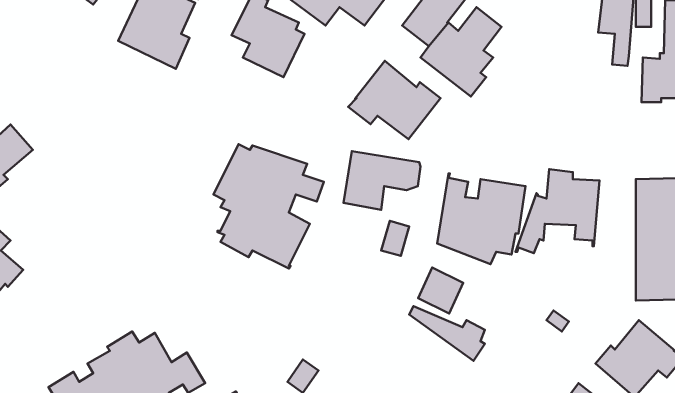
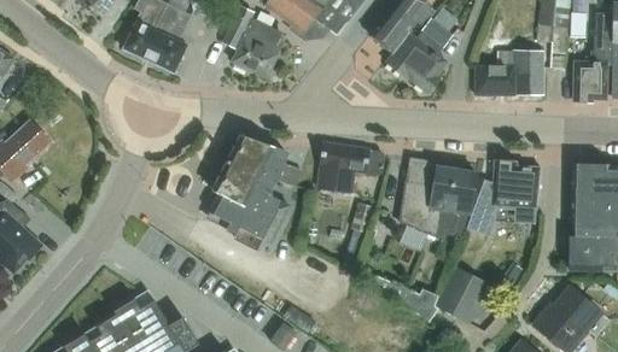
building: none -> [474,49,541,95]
building: [348,61,440,139] -> none
building: [418,268,463,314] -> [439,280,478,319]

